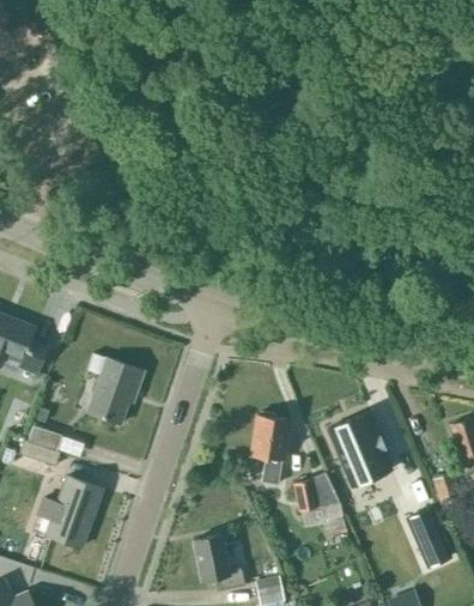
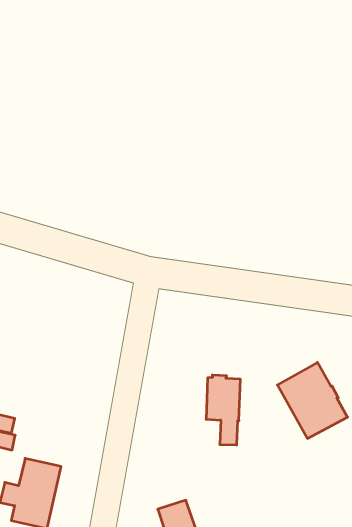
building: [87,358,144,424] -> none
building: [293,471,347,537] -> none

